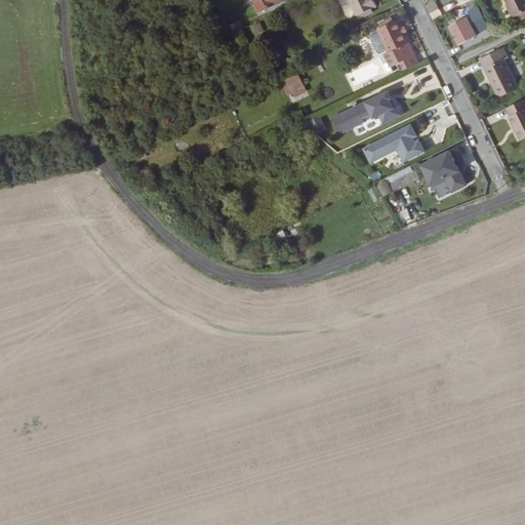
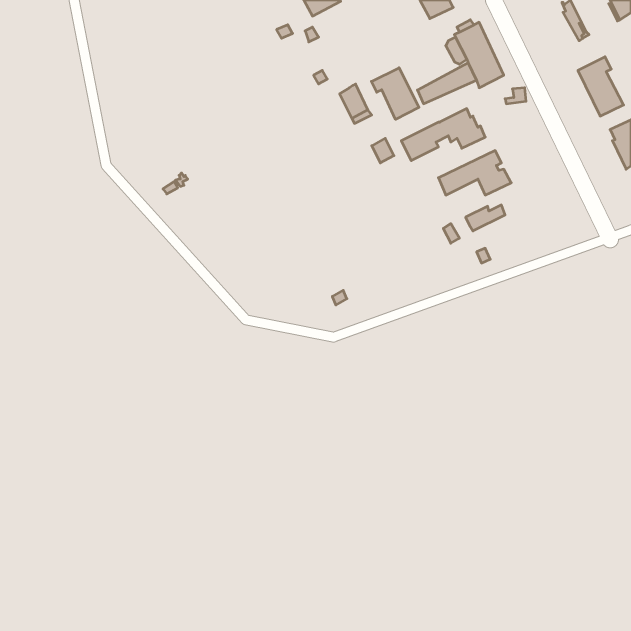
building: [449,17,476,45] -> none
building: none -> [371,68,419,119]
building: [422,152,466,191] -> none

